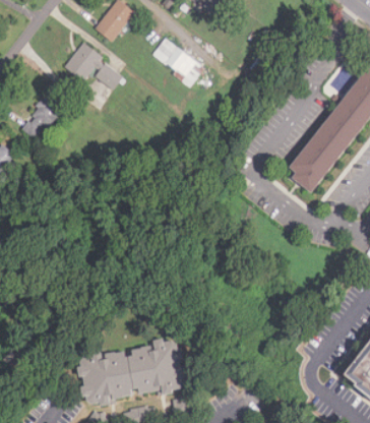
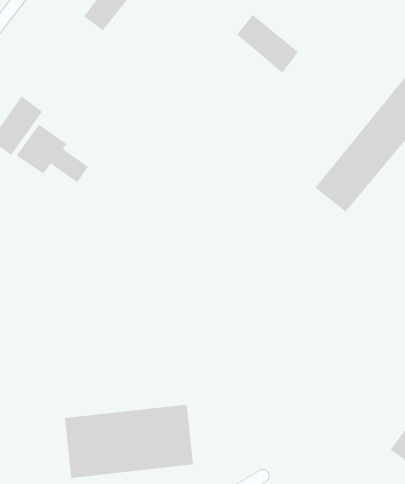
building: [152,39,203,86] -> [236,14,299,73]
building: [63,43,122,90] -> [16,124,89,183]

